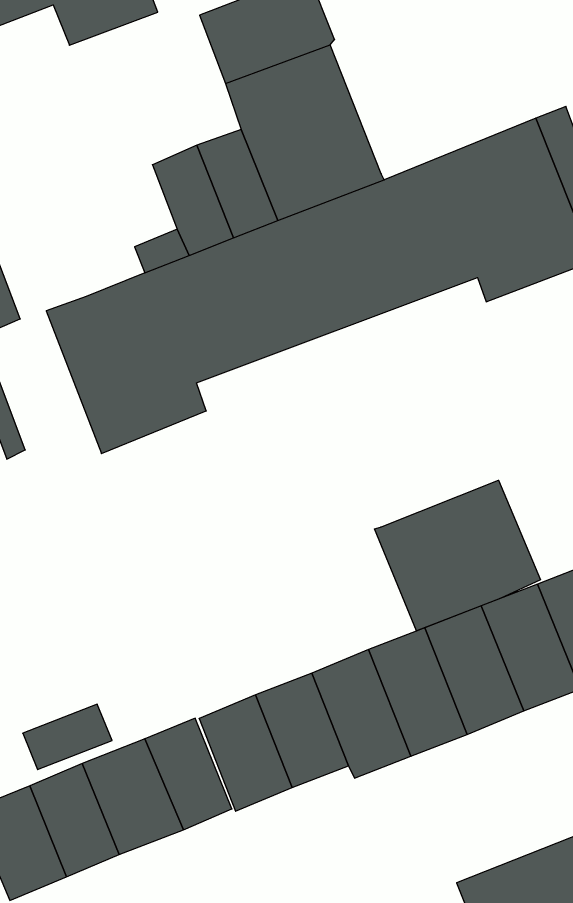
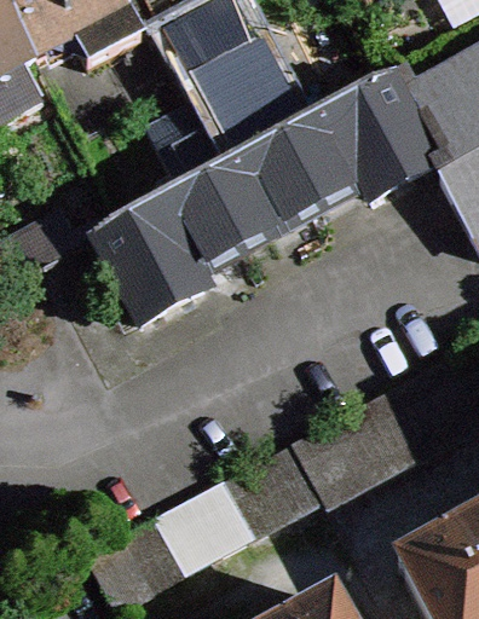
building: [375,480,540,631] -> none

